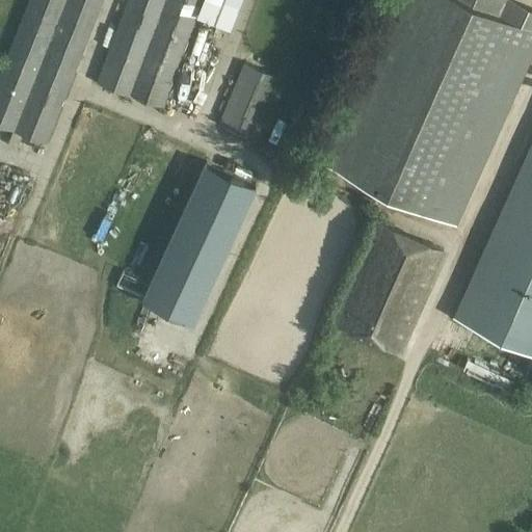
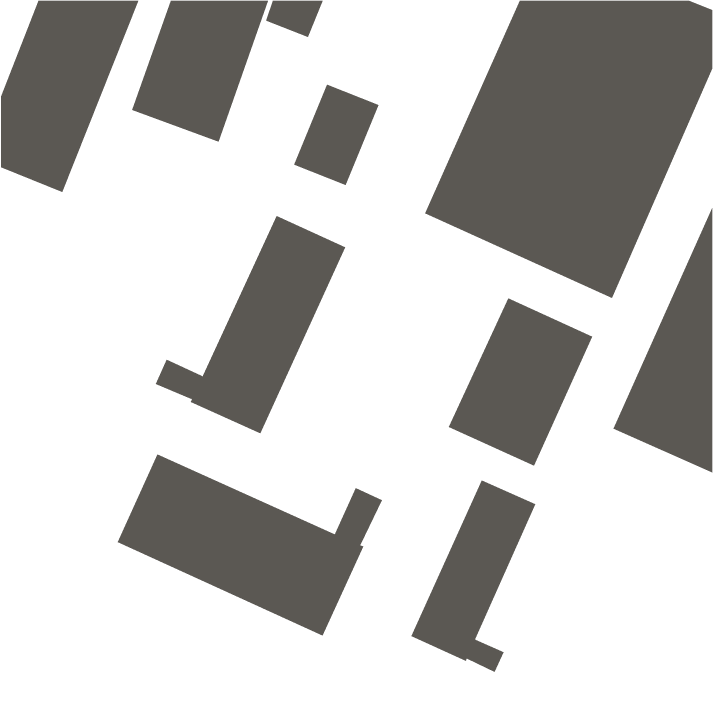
building: none -> [117,454,383,636]
building: none -> [410,479,536,673]

